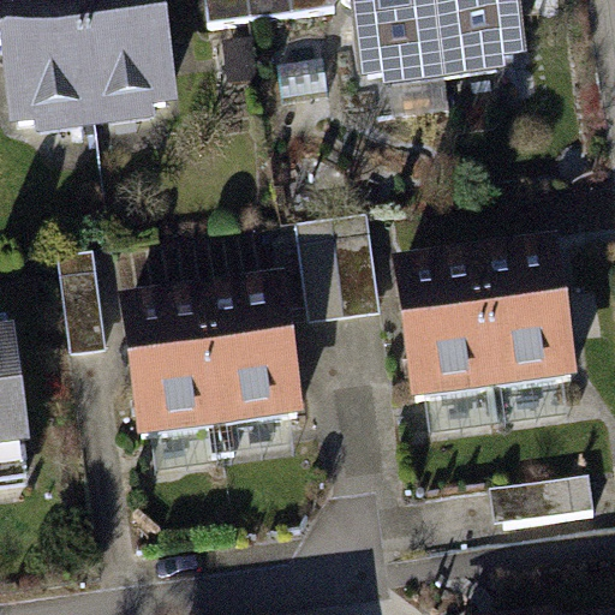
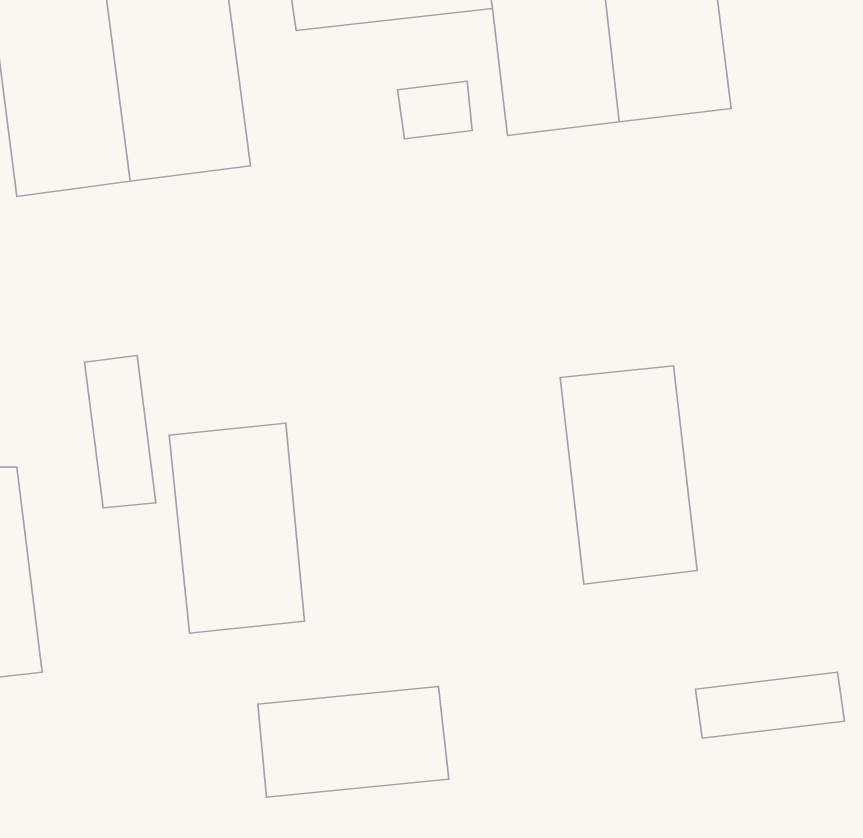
building: [303,220,383,324] -> none
building: [478,250,577,405] -> none
building: [203,292,303,441] -> none
building: none -> [258,687,449,797]

